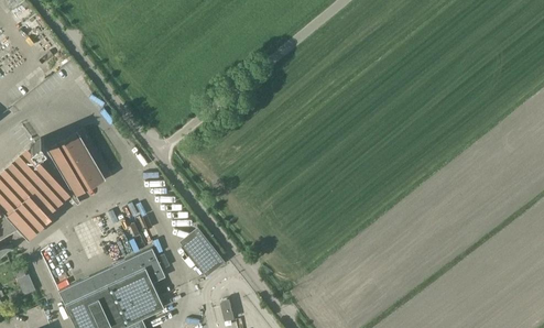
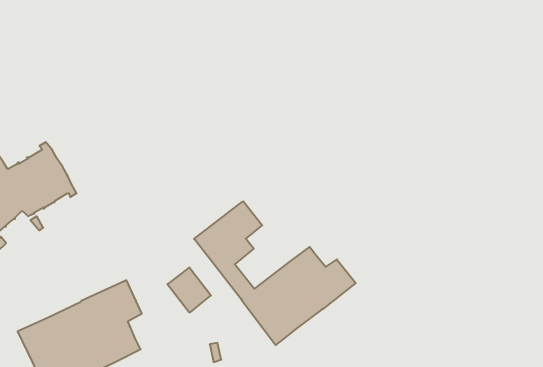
building: none -> [194,201,356,345]

